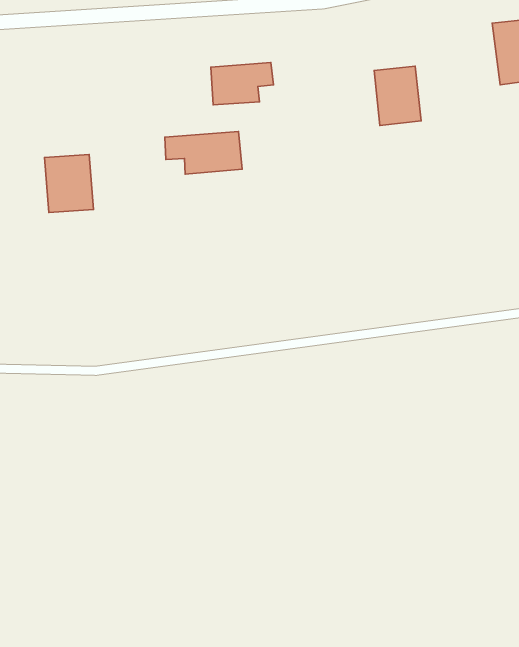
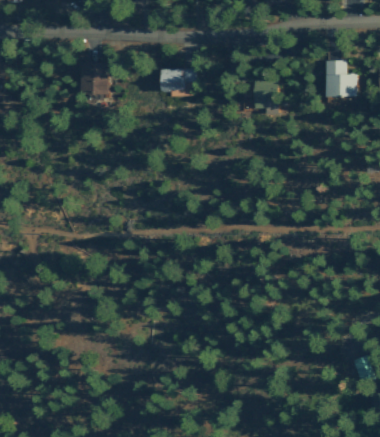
building: [165,132,242,174] -> none
building: [45,154,93,213] -> [82,63,109,96]

